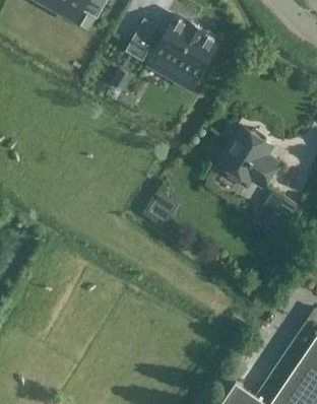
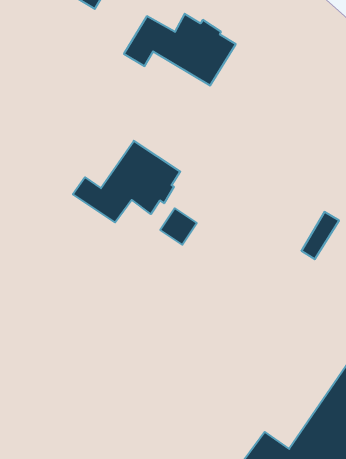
building: [221,128,278,185] -> none
building: none -> [73,141,180,222]

